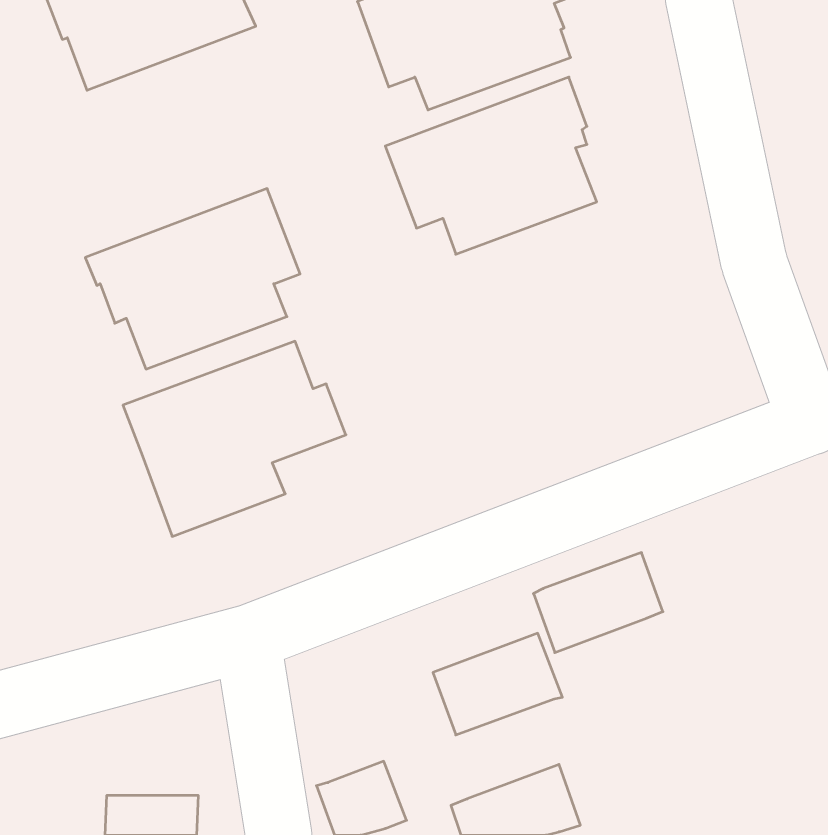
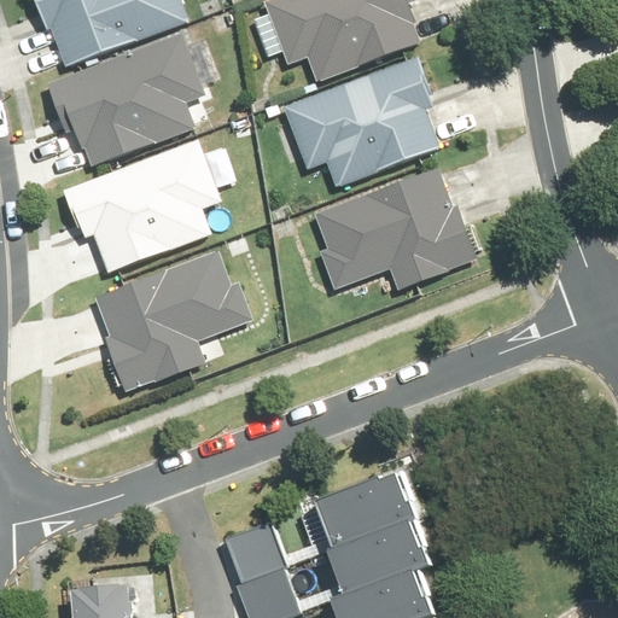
building: none -> [47,33,204,165]
building: none -> [314,168,477,291]
building: [533,553,663,653] -> [328,514,424,588]
building: none -> [226,518,282,576]

